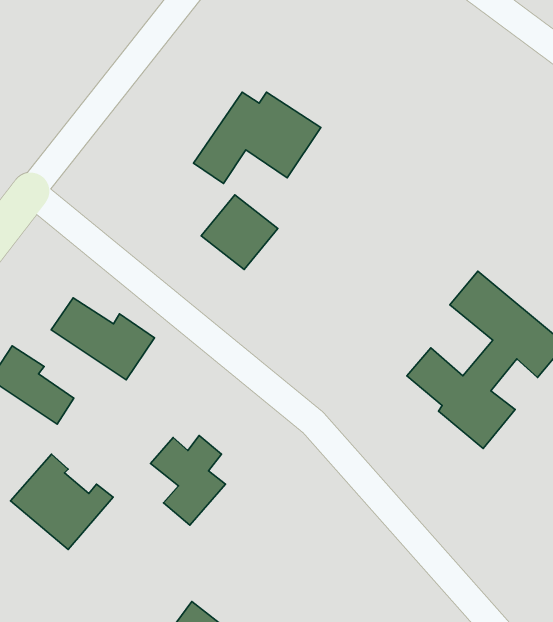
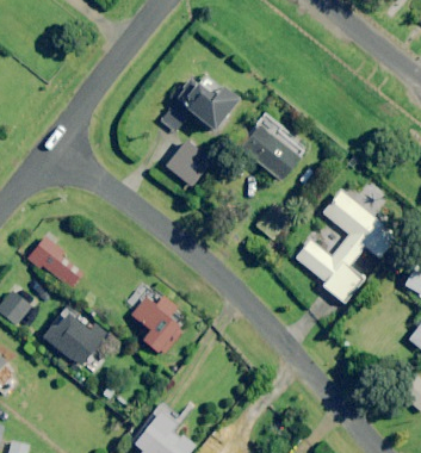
building: none -> [242,114,304,179]
building: [51,298,154,380] -> none

